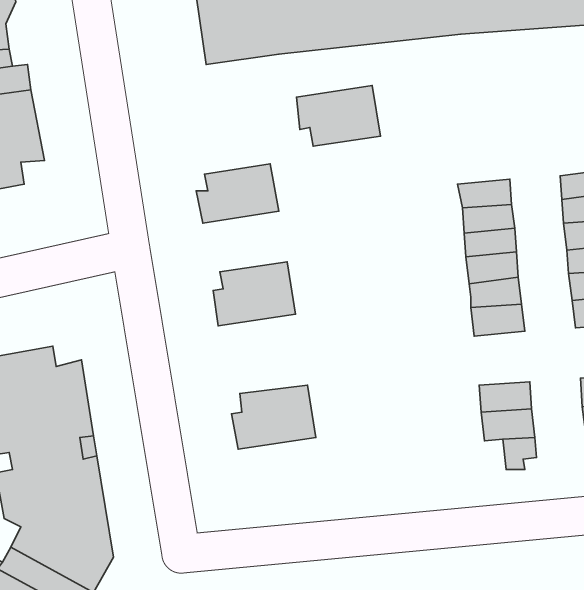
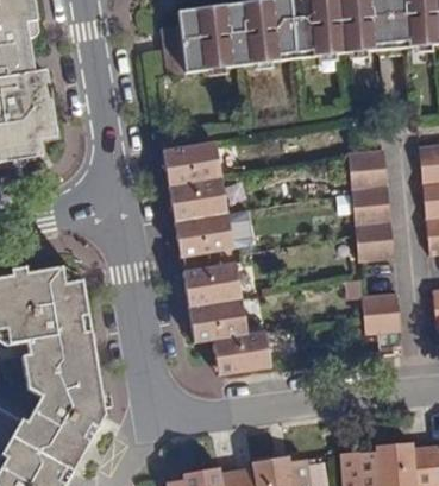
building: [296,85,381,146] -> [168,172,227,215]
building: none -> [181,260,242,301]
building: none -> [193,329,269,374]

